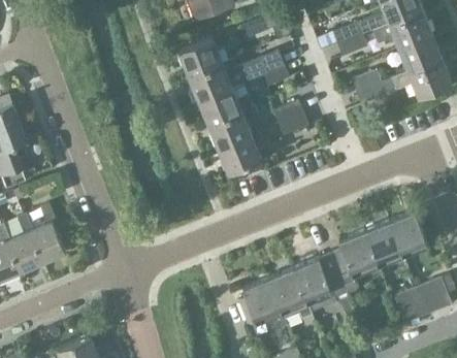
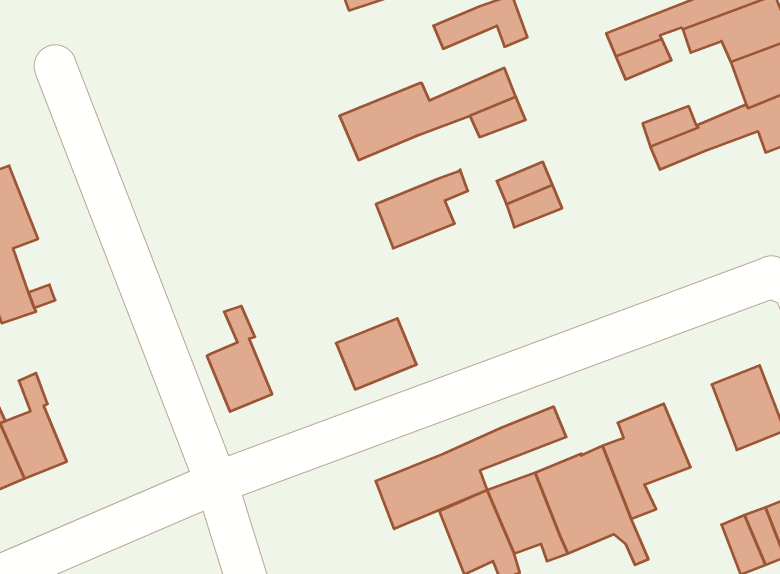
building: [179,38,232,76] -> none
building: [199,87,253,124] -> none
building: [218,134,261,172] -> [336,318,417,389]
building: [30,205,65,262] -> [207,306,272,412]
building: [363,221,402,265] -> none
building: none -> [376,407,566,529]

